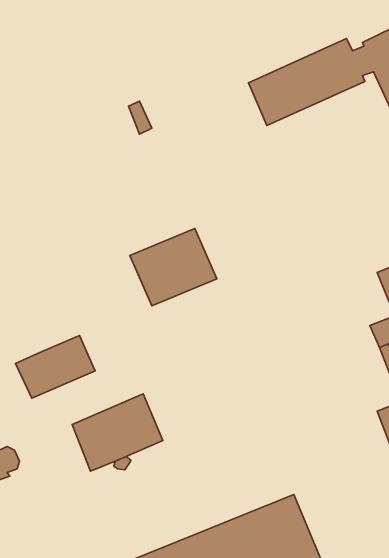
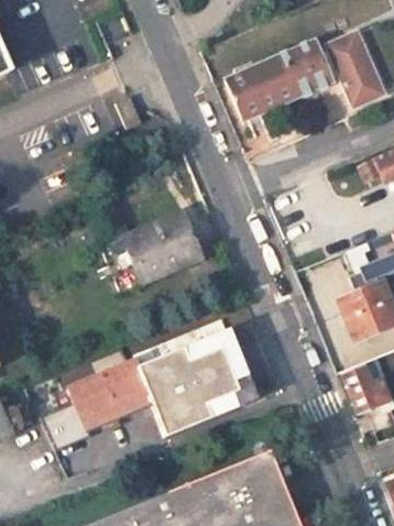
building: [15,335,95,398] -> none
building: none -> [136,328,253,436]

